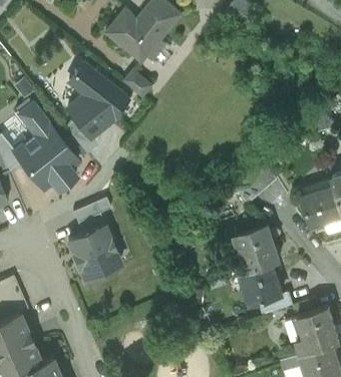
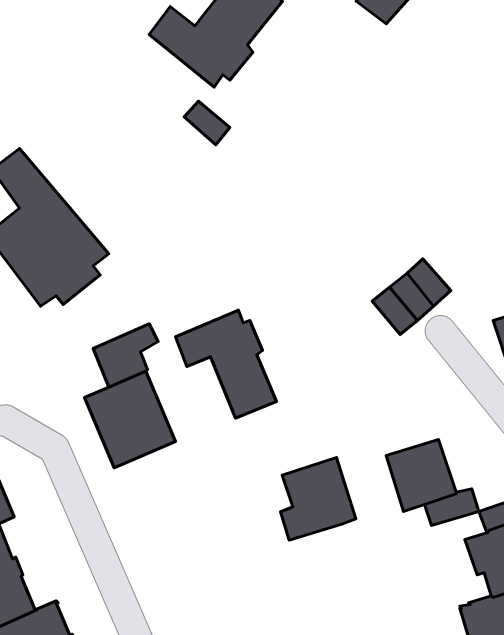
building: [67,64,130,138] -> none
building: none -> [175,310,276,418]
building: [236,227,279,274] -> [281,458,356,540]

